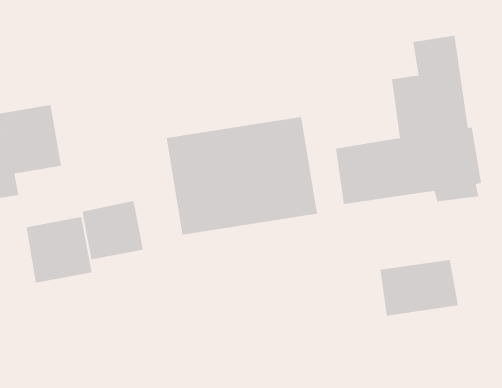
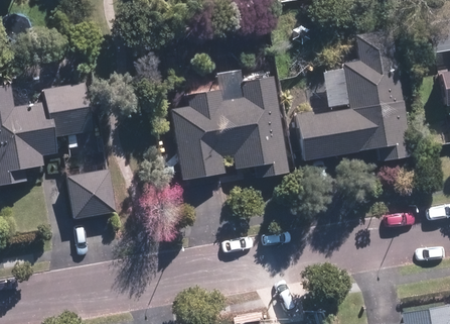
building: [82,200,144,260] -> none
building: [380,259,458,316] -> none

